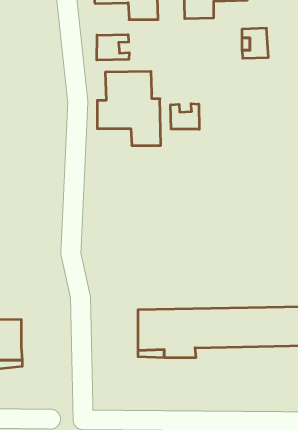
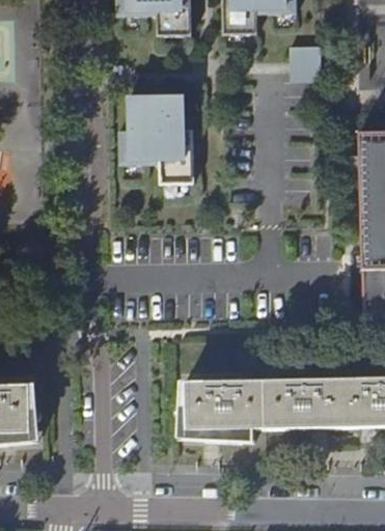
building: [97,35,129,60] -> none
building: [171,104,199,129] -> none

